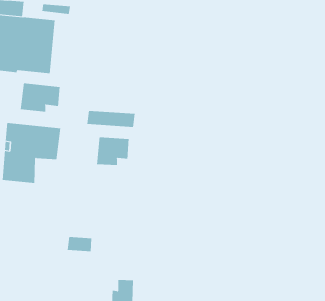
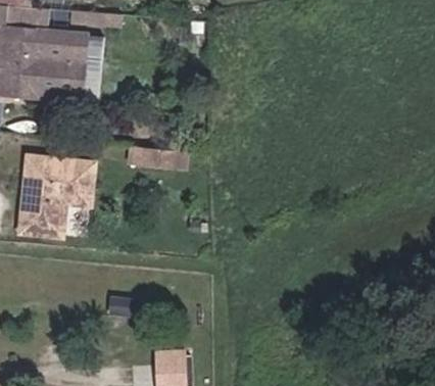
building: [20,83,60,112] -> none
building: [97,137,129,166] -> none

